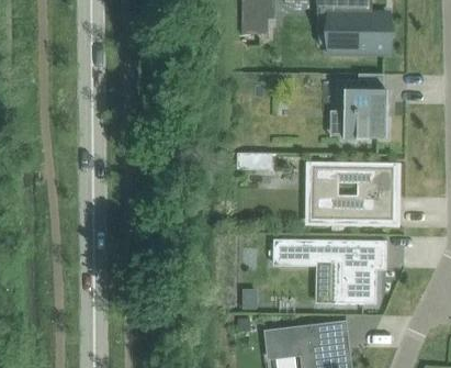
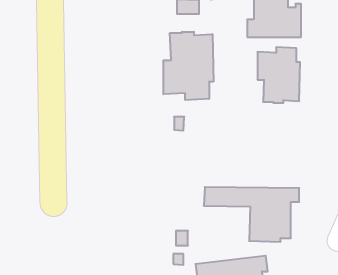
building: none -> [163,32,213,100]
building: [312,163,394,222] -> none

